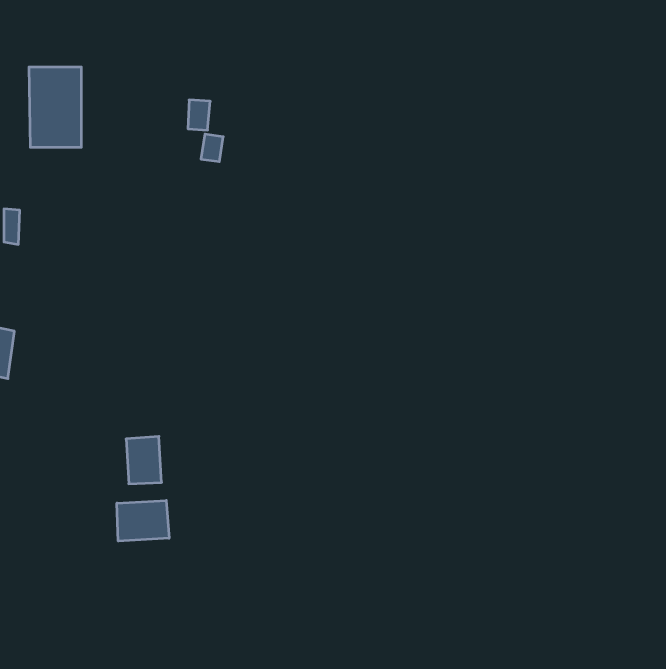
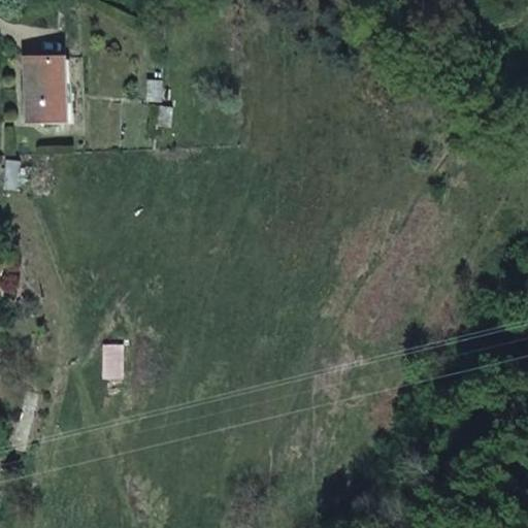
building: [117,500,169,541] -> none

